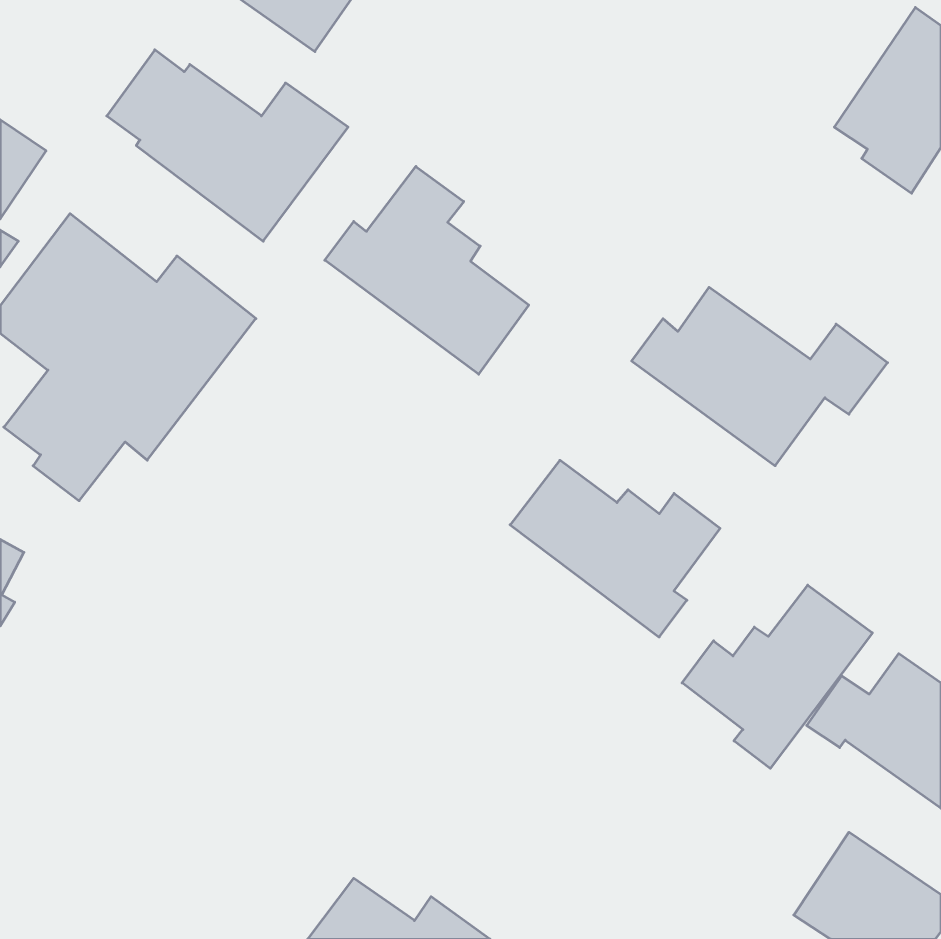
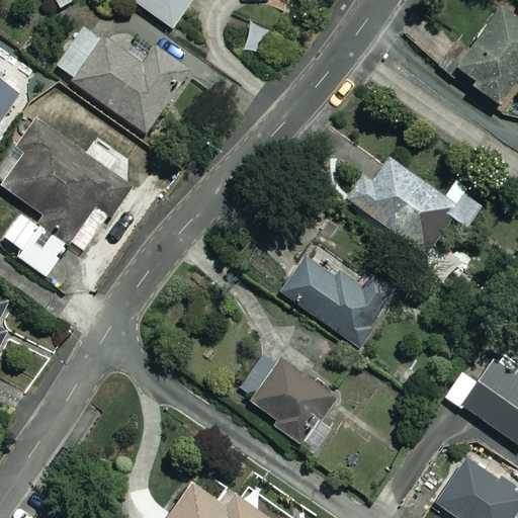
building: [325,166,529,374] -> none
building: [682,585,872,768] -> none
building: none -> [237,356,336,448]

